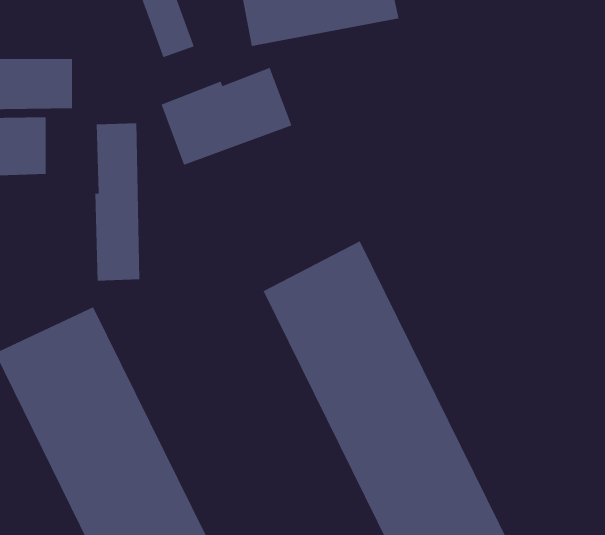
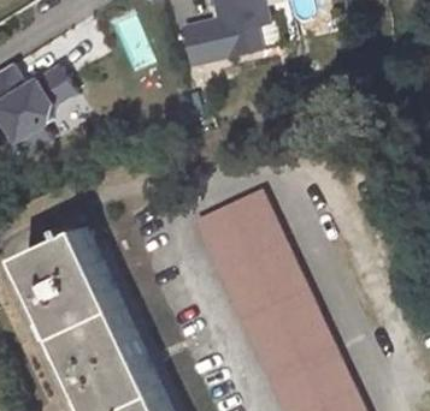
building: [160,67,292,166] -> none
building: [95,122,140,282] -> none

